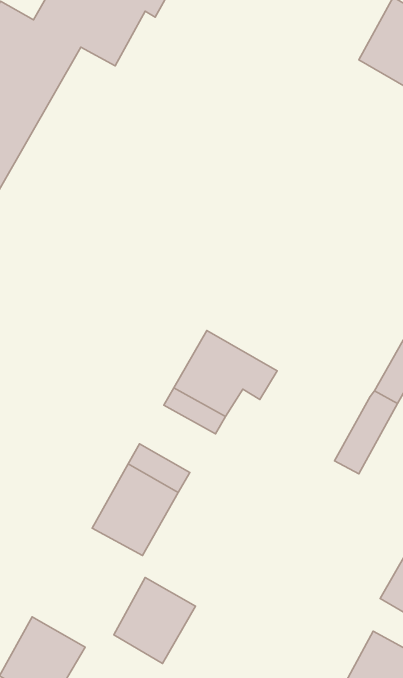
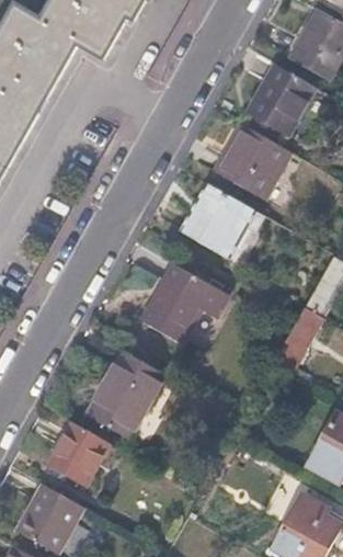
building: none -> [249,64,313,133]
building: none -> [214,123,288,197]
building: none -> [181,182,256,259]
building: [114,578,195,664] -> [46,419,108,485]

